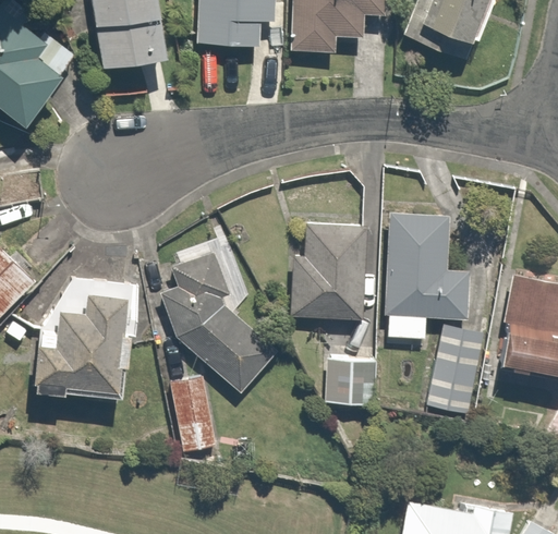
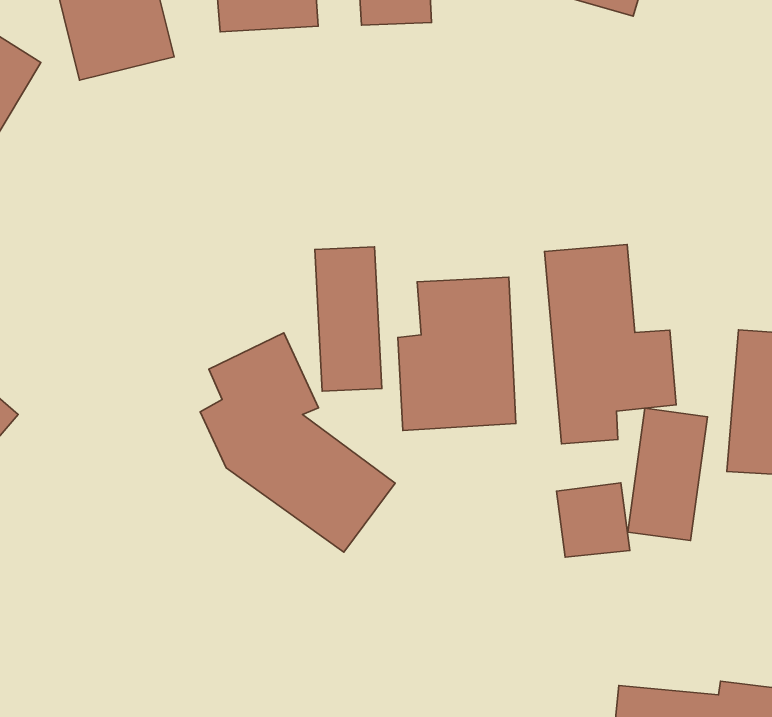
building: none -> [315,247,382,391]
building: [26,287,126,396] -> none
building: [324,354,367,399] -> [557,483,630,557]
building: [171,373,220,450] -> none

